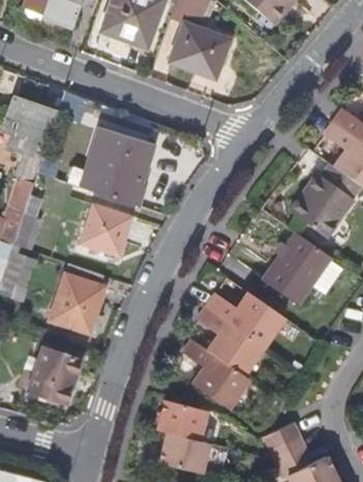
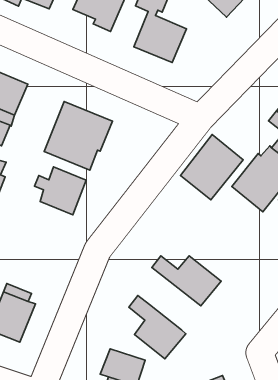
building: [264,233,333,305] -> [180,135,243,200]
building: [49,262,104,336] -> none
building: [199,307,265,375] -> none

